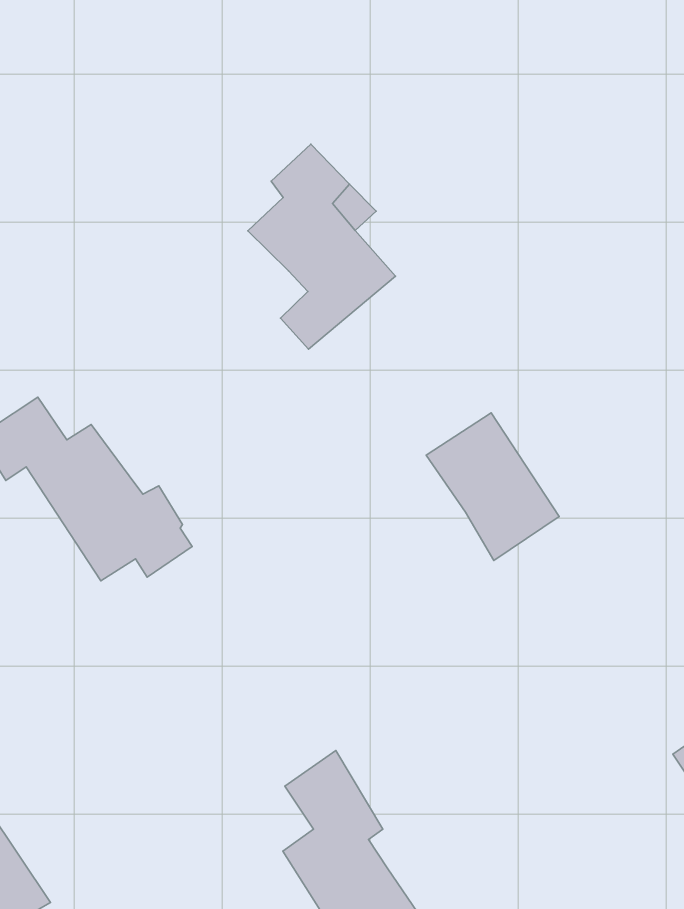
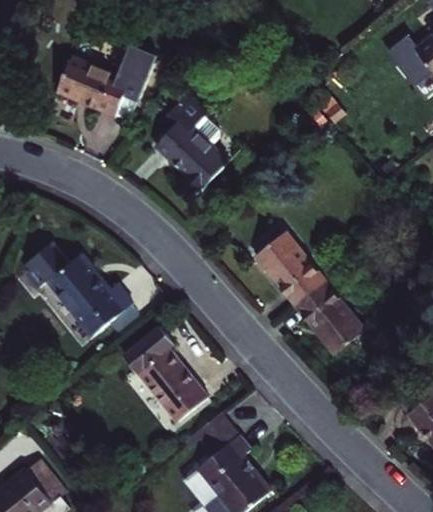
building: none -> [55,52,151,116]
building: none -> [293,280,365,355]
building: none -> [124,329,206,422]

